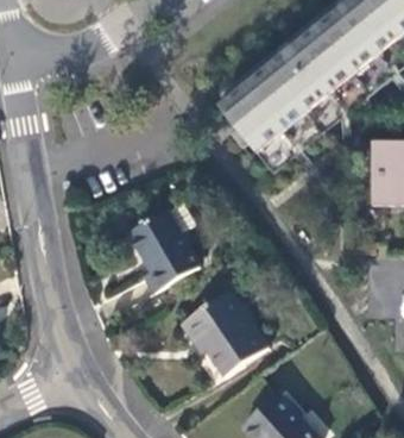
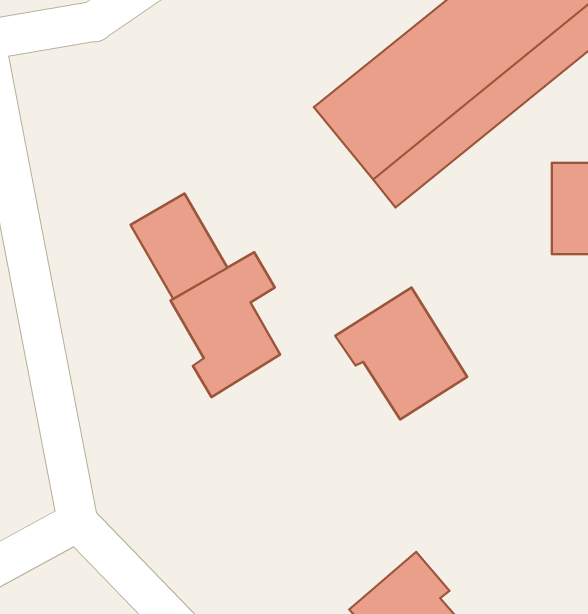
building: none -> [130,193,227,299]
building: [181,289,265,374] -> [335,288,467,420]

